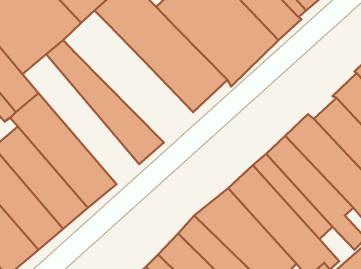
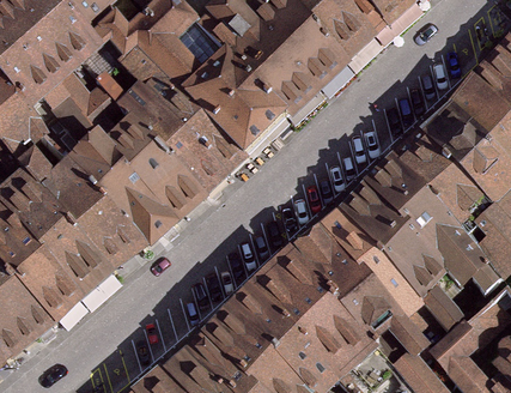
building: none -> [97,42,245,193]
building: none -> [30,81,177,246]

